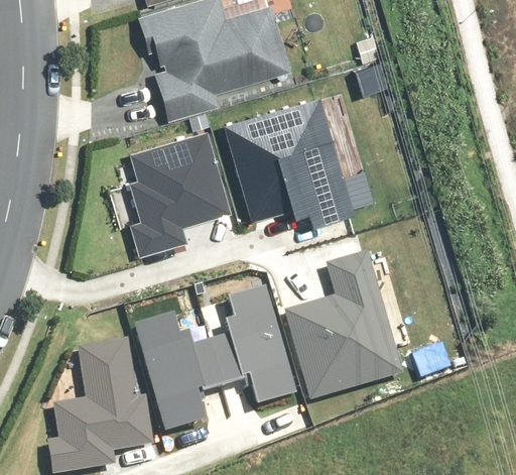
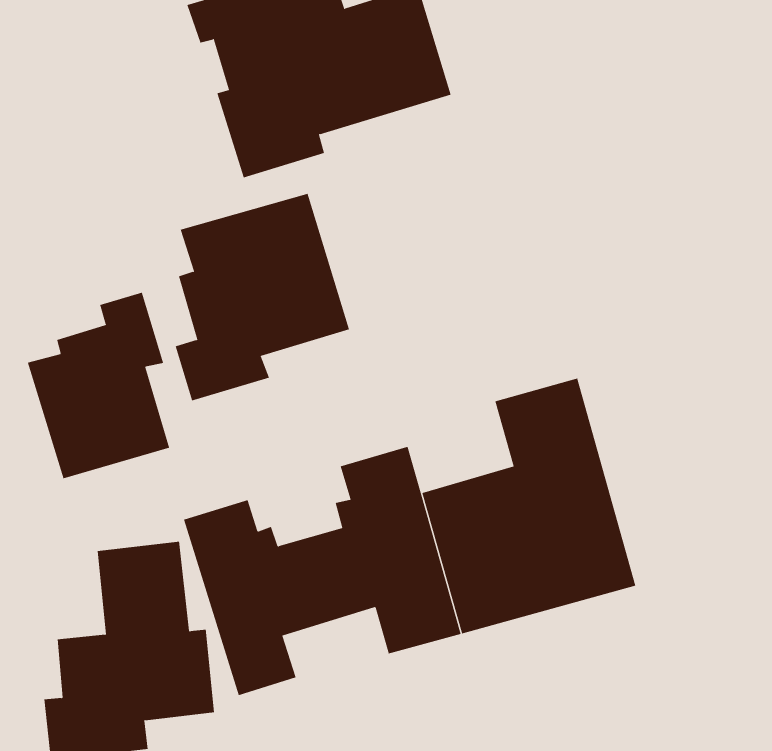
building: [232,98,350,220] -> none
building: none -> [27,292,170,479]

